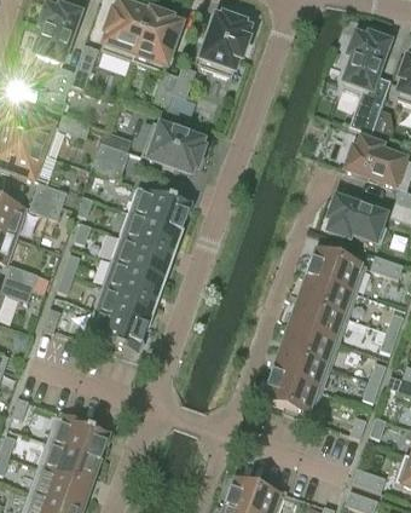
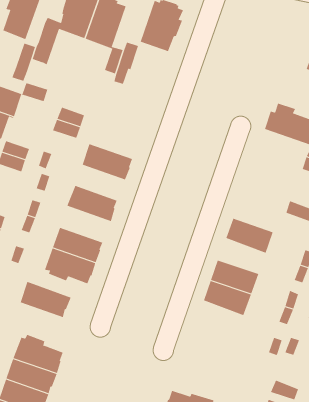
building: [342,31,390,133] -> none
building: [141,121,204,173] -> none
building: [329,195,388,243] -> none
building: [121,211,181,253] -> none
building: [308,248,366,290] -> none
building: [103,259,164,302] -> [20,281,72,318]
building: [290,298,348,340] -> none
building: [265,371,322,420] -> none

